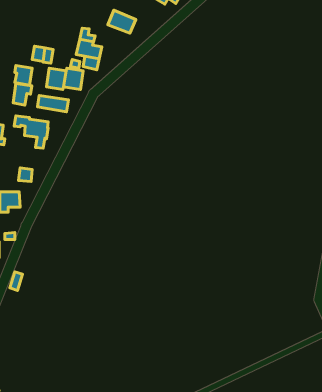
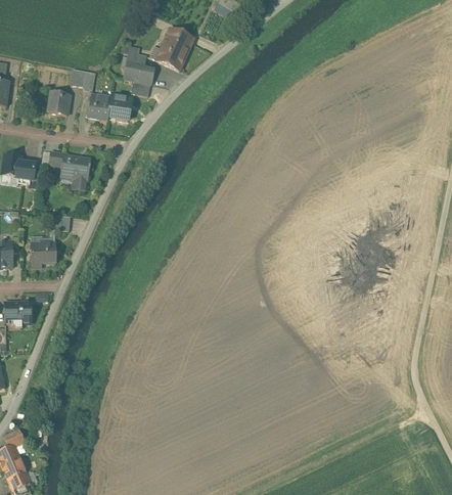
building: none -> [154,42,187,70]
building: [13,84,32,105] -> none
building: [38,96,68,112] -> none

